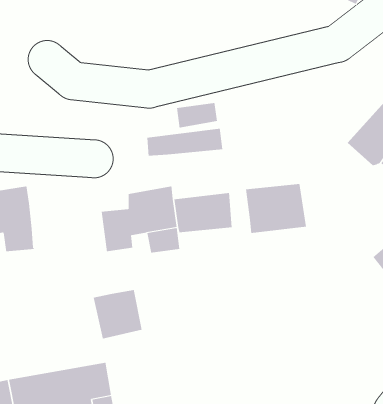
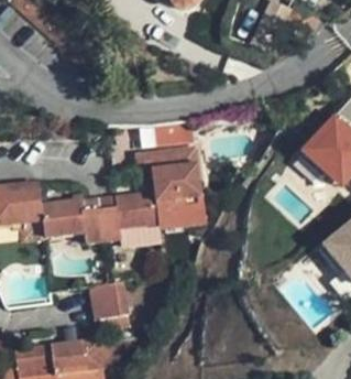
building: [245,184,307,233] -> [152,160,202,201]
building: none -> [39,198,101,246]

